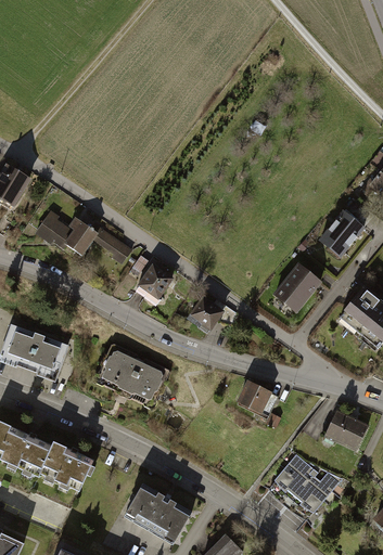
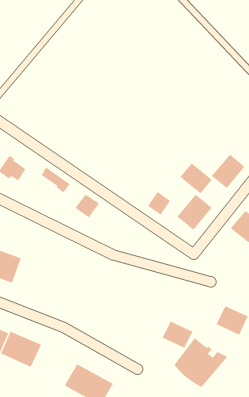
building: [65,216,97,253] -> none
building: none -> [180,163,213,194]
building: [190,295,221,327] -> [147,191,171,216]
building: [93,344,169,408] -> none
building: [237,380,278,417] -> [162,321,193,349]

